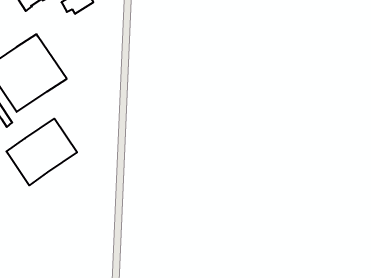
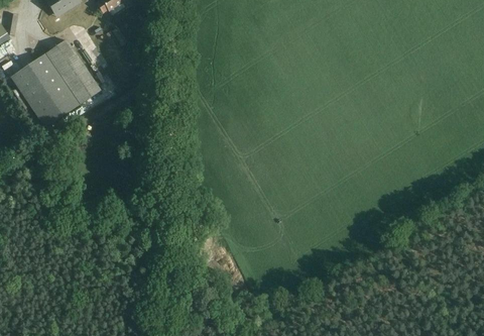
building: [6,119,77,185] -> none

